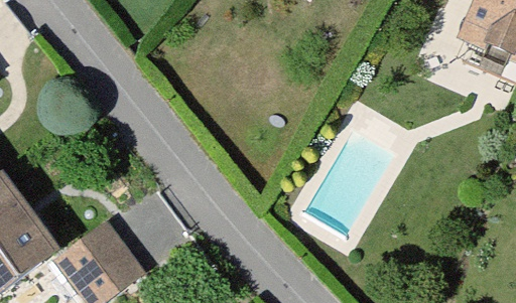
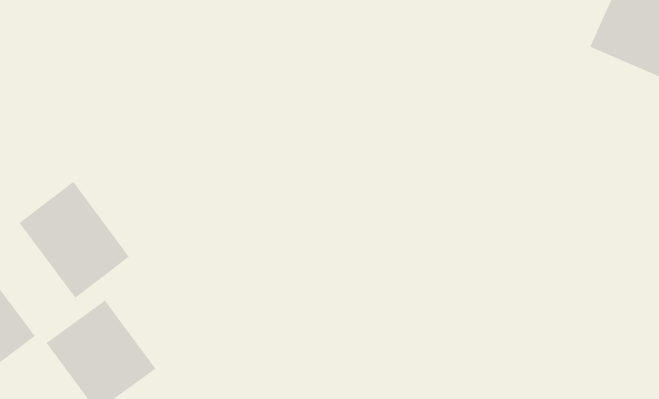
building: none -> [19,181,130,299]

